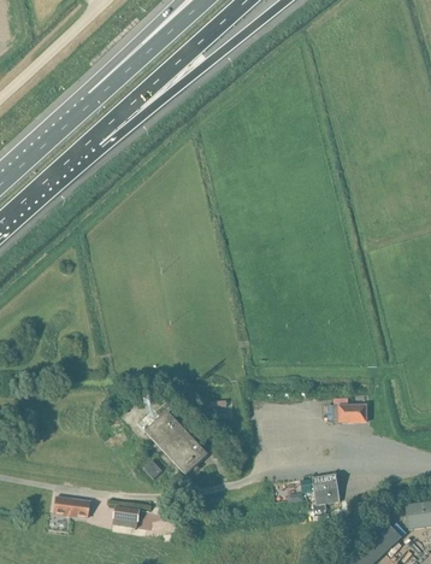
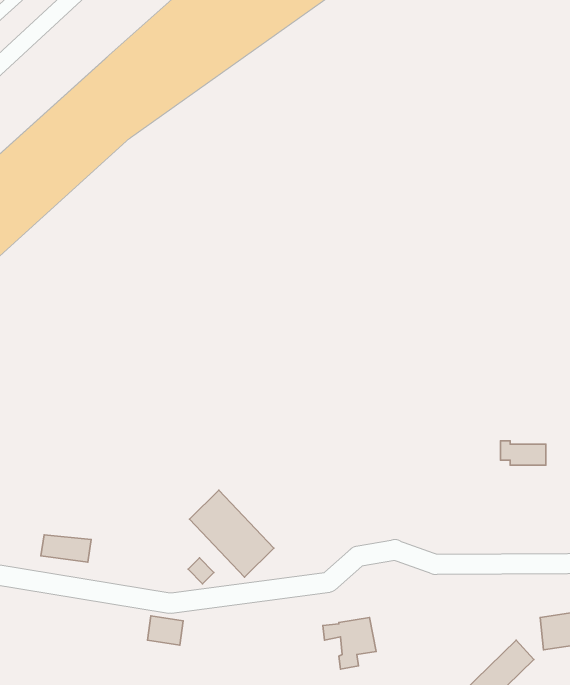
building: [332,401,366,419] -> [501,441,546,465]
building: [300,472,340,511] -> [323,618,376,669]
building: [52,495,89,516] -> [41,535,91,562]

